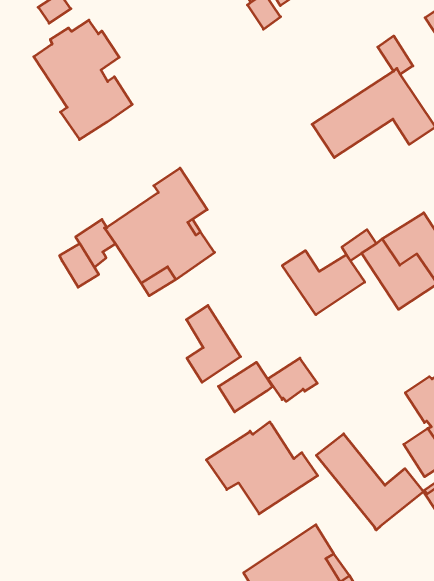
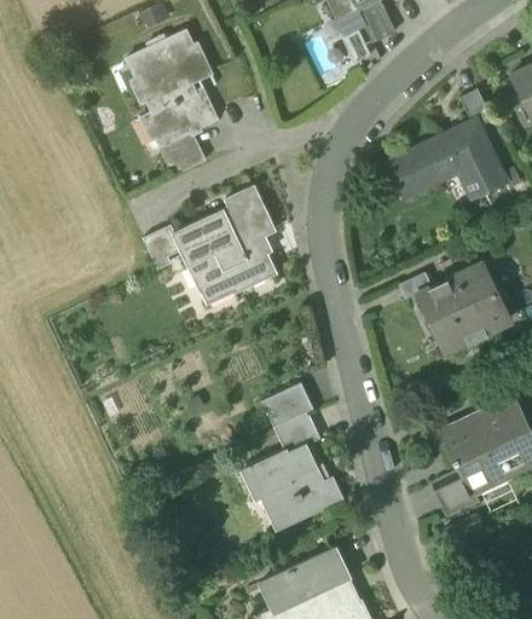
building: none -> [161,132,204,175]
building: [60,244,99,287] -> none
building: [282,251,365,315] -> none
building: [186,305,241,382] -> none
building: [268,358,317,401] -> [273,412,320,452]
building: [316,434,424,530] -> none

